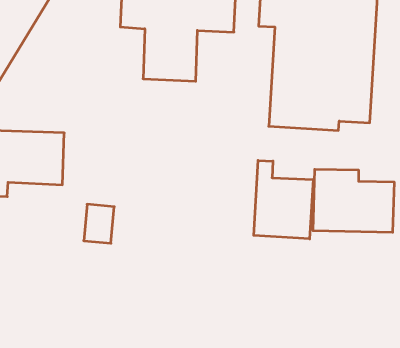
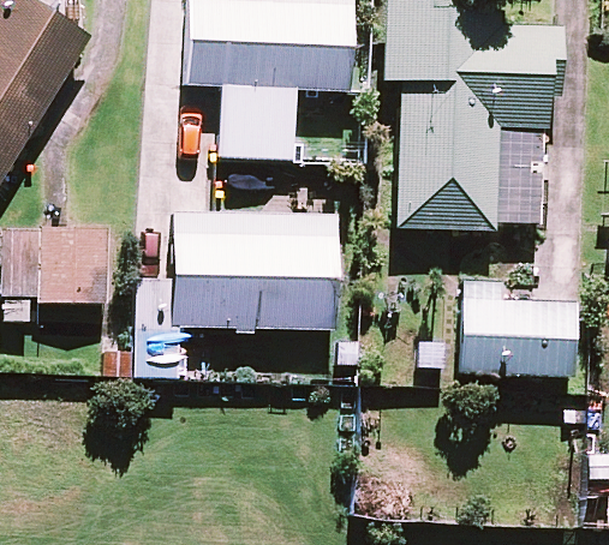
building: none -> [172,212,335,330]
building: [254,160,313,239] -> none

